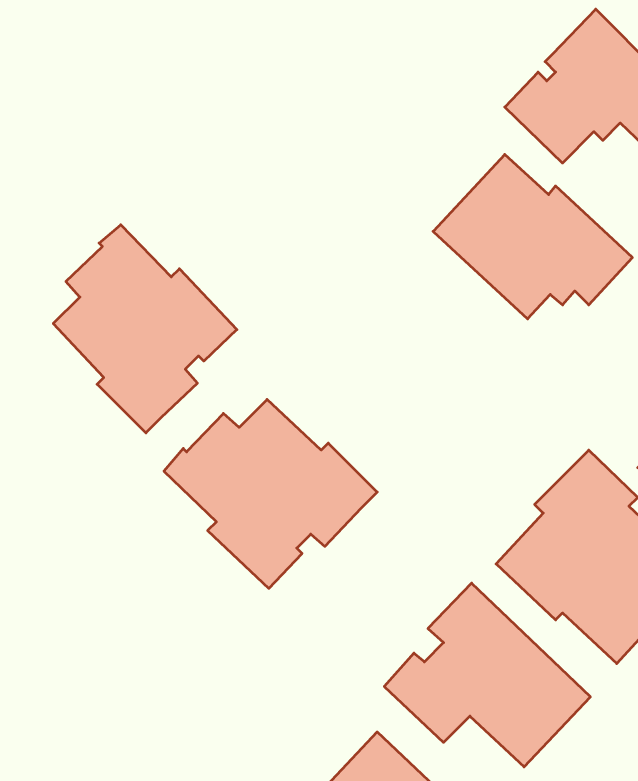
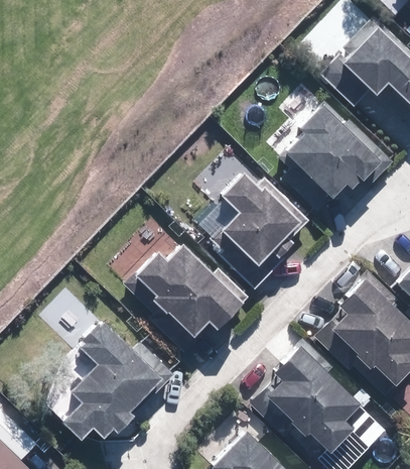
building: [53,225,237,433] -> none
building: none -> [223,172,303,265]
building: none -> [65,321,173,439]

